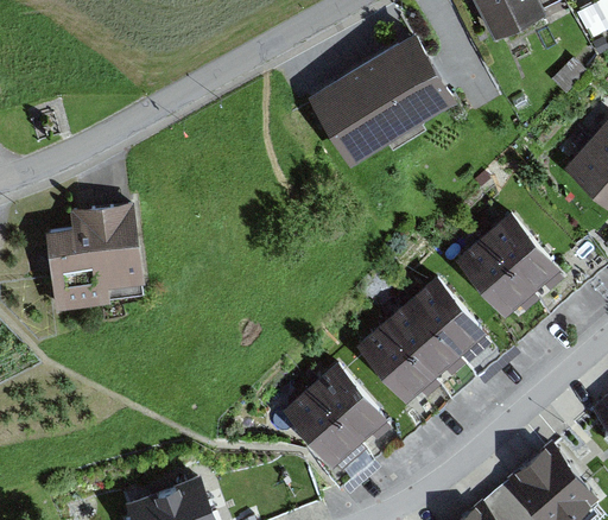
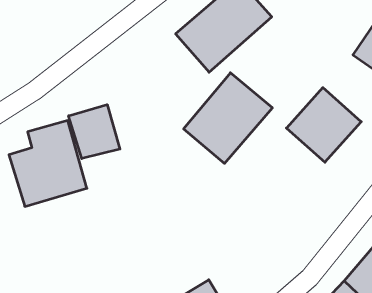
building: none -> [69,105,120,159]
building: [355,273,488,402] -> [184,73,272,163]
building: [284,364,384,464] -> none

